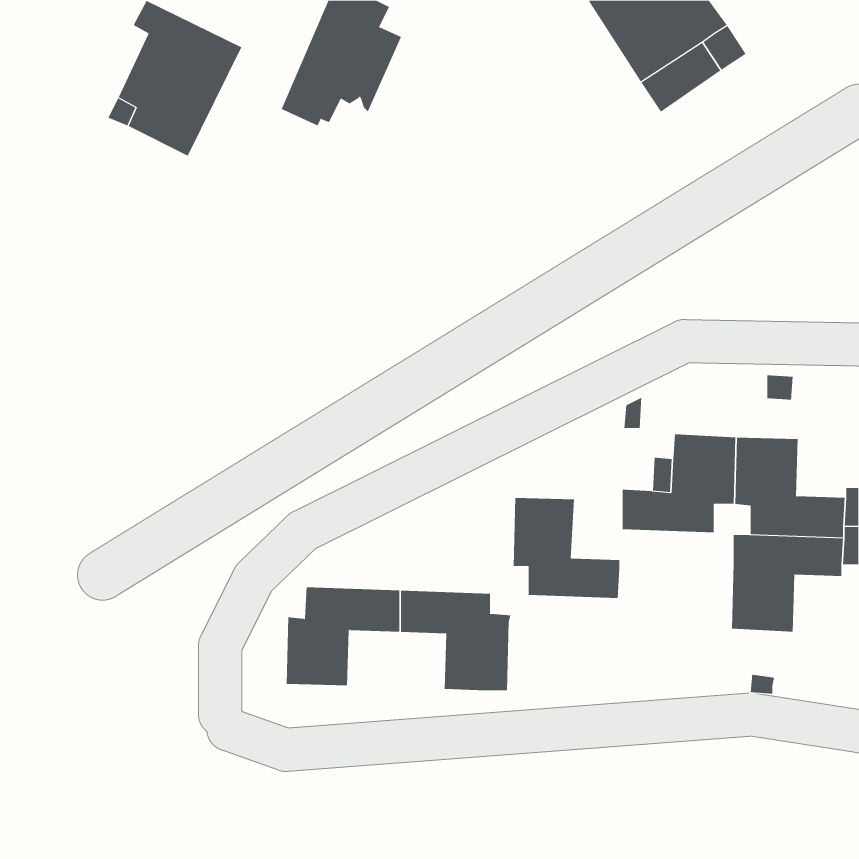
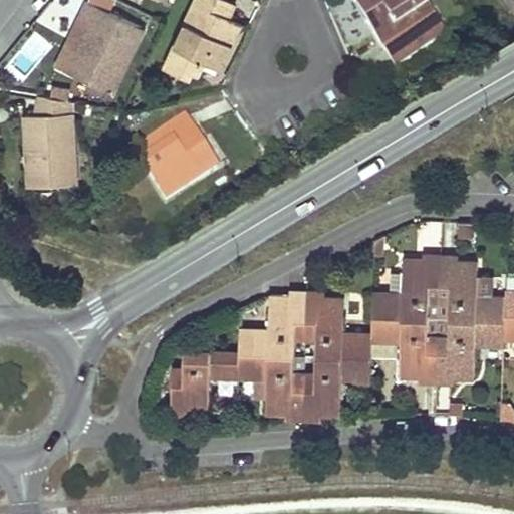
building: none -> [23,94,71,185]
building: none -> [134,117,216,199]
building: none -> [239,297,307,354]
building: none -> [370,316,438,375]
building: none -> [303,355,369,415]

